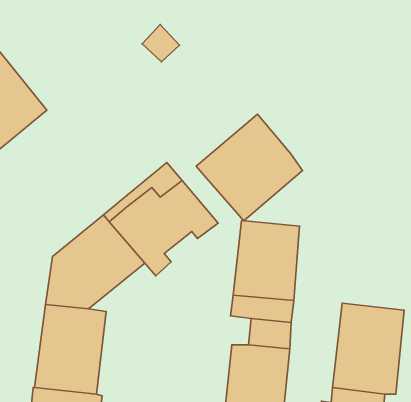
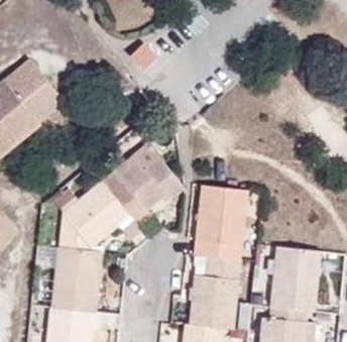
building: [196,114,303,221] -> none

